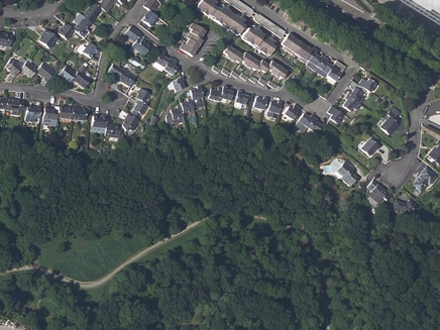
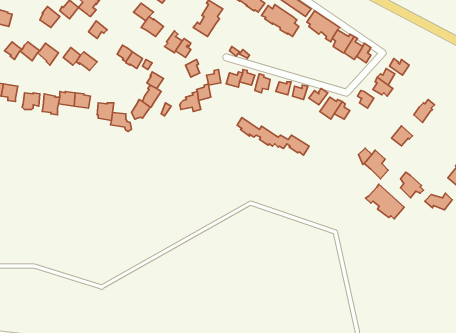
building: [223,44,289,79] -> [237,117,309,155]
building: none -> [366,184,404,219]

